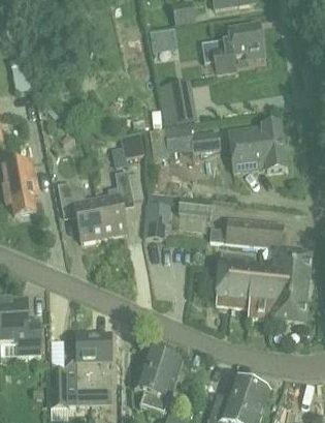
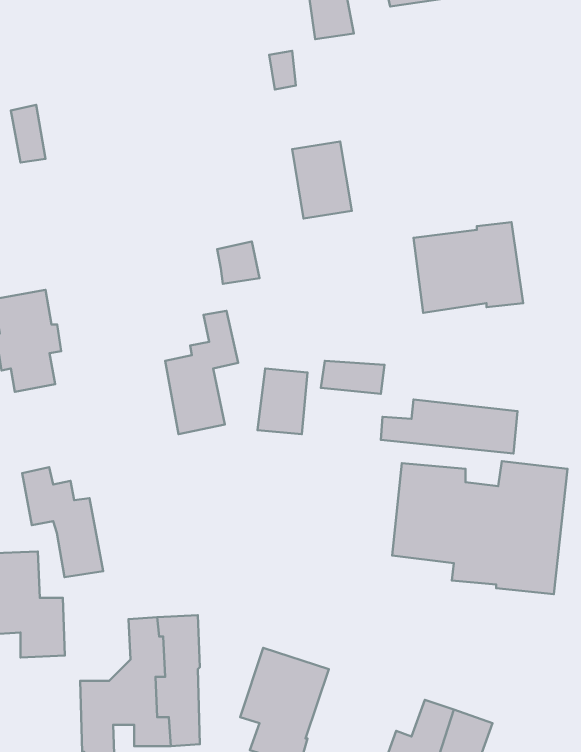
building: [202,25,263,72] -> none
building: [164,124,218,152] -> none
building: [58,180,101,239] -> [22,467,103,577]

